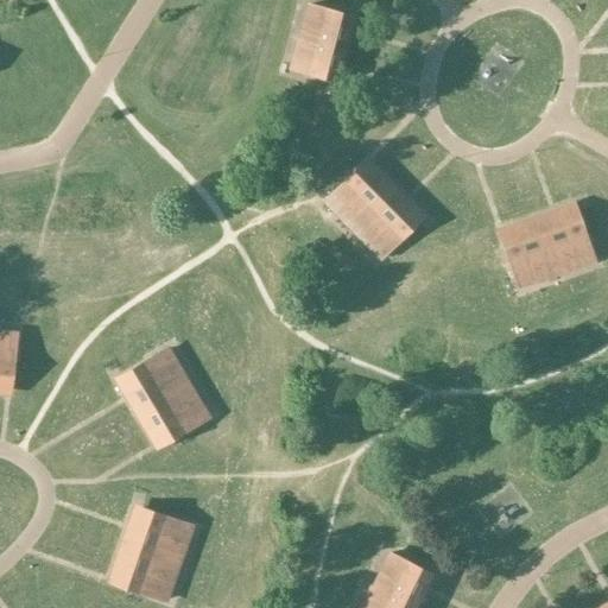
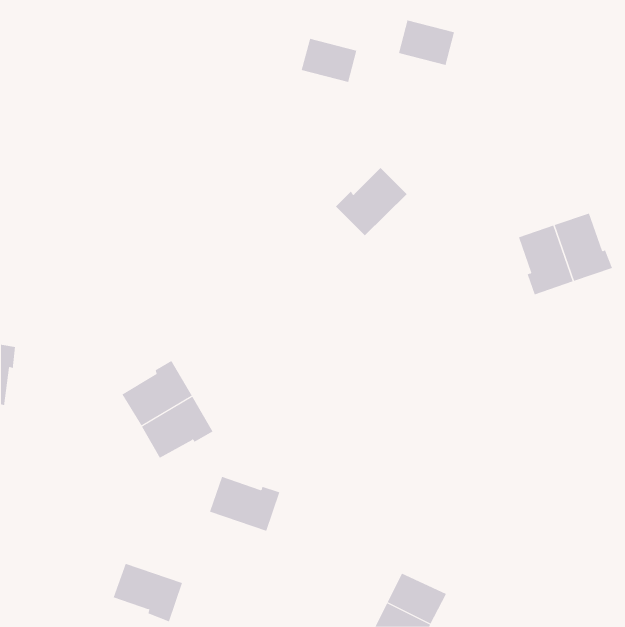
building: [302,5,356,49] -> [398,20,455,65]
building: [355,188,422,256] -> none
building: [124,509,192,563] -> [209,476,280,532]

